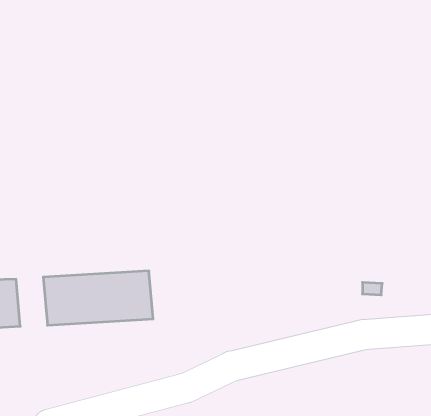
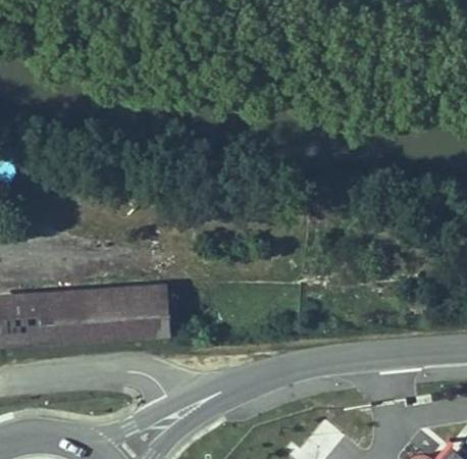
building: none -> [38,294,68,342]

